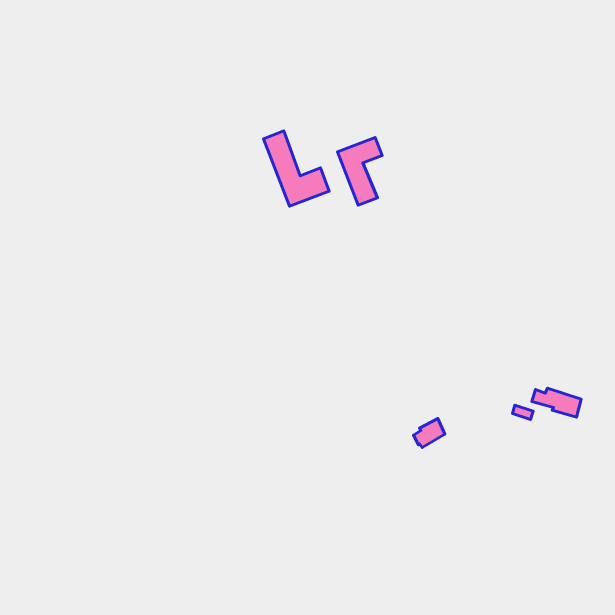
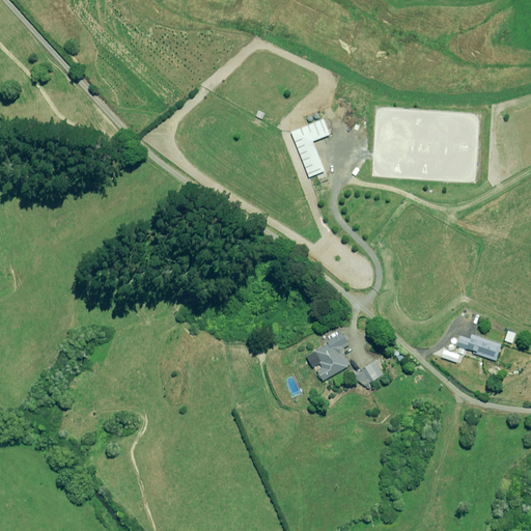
building: [263,131,329,206] -> none
building: none -> [314,332,350,380]

